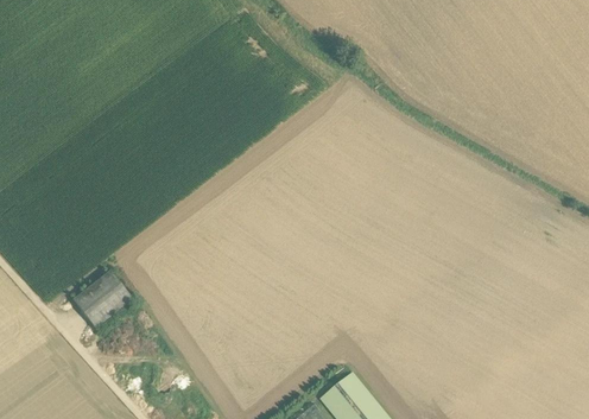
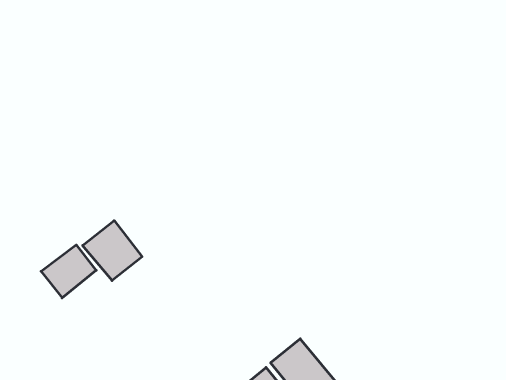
building: none -> [83,221,142,281]

